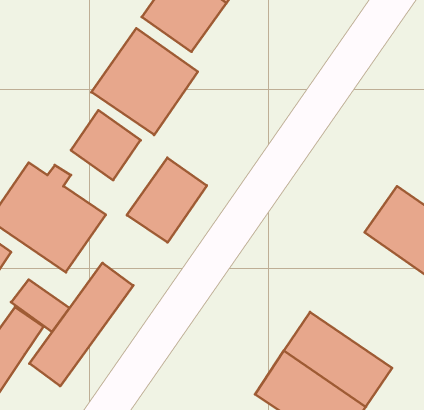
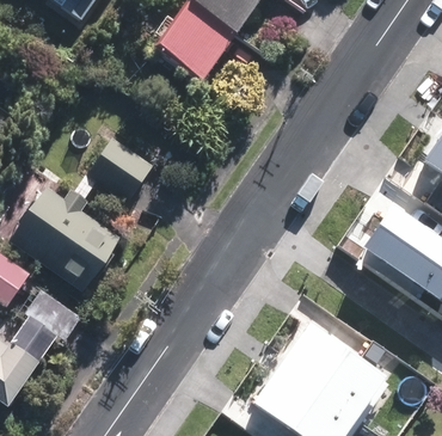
building: [91,28,198,135] -> none
building: [127,158,207,242] -> none
building: [29,263,133,386] -> none

